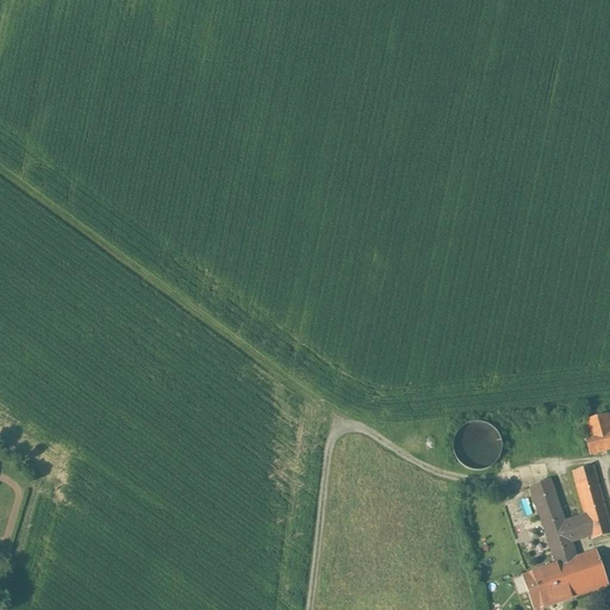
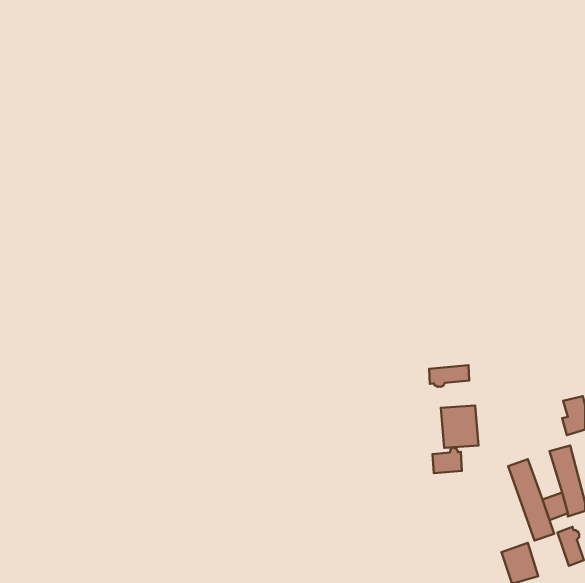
building: none -> [429,365,469,387]
building: none -> [433,447,462,473]
building: [549,554,592,599] -> none

